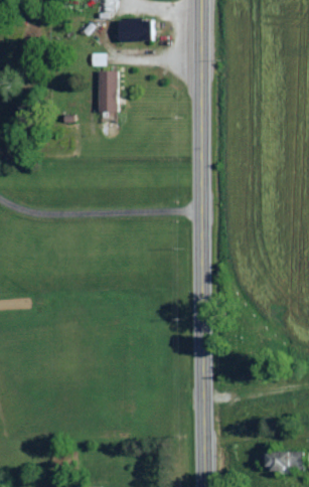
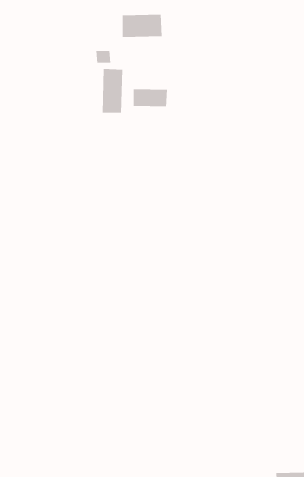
building: none -> [133,88,167,107]

